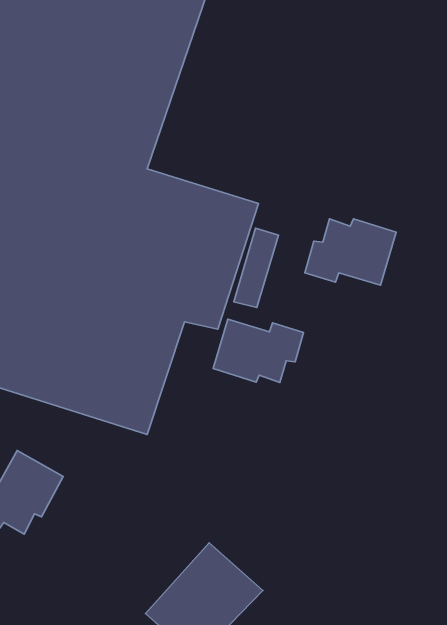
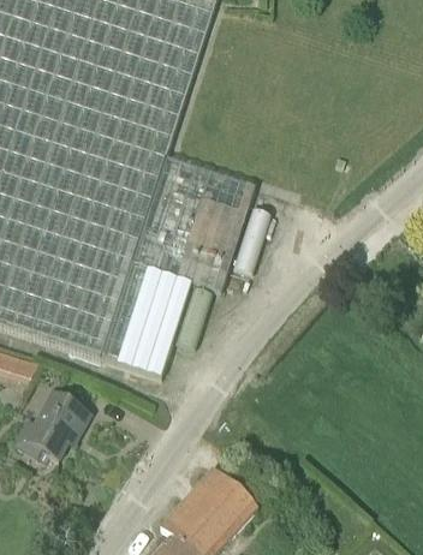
building: [305,219,396,285] -> none
building: [213,319,303,382] -> none

